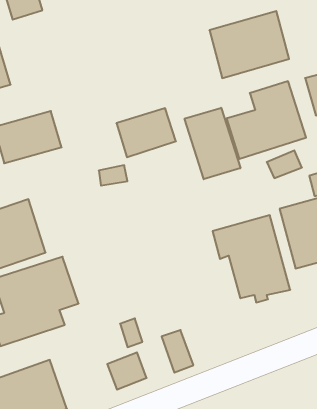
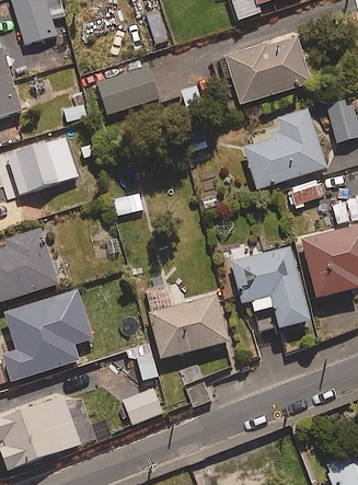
building: [185,108,240,179] -> none
building: [116,108,176,157] -> [97,63,159,114]
building: none -> [149,291,231,359]

